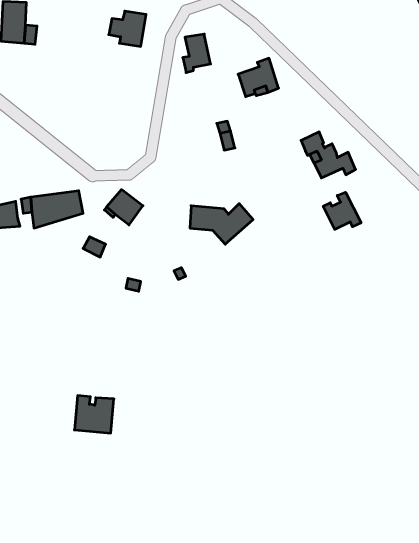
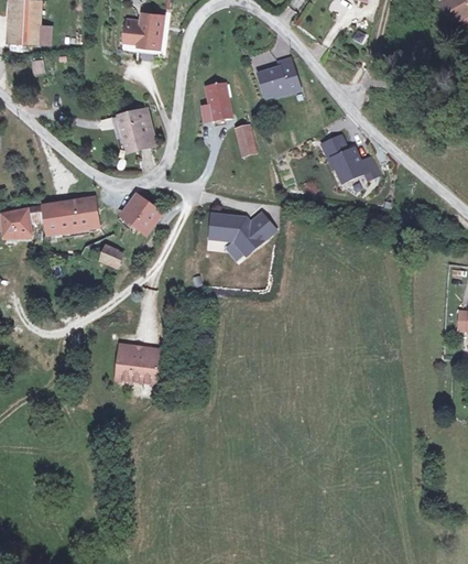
building: [183,34,211,73] -> [203,83,231,122]
building: none -> [120,111,152,150]
building: [323,192,361,229] -> none
building: [74,396,114,433] -> [119,346,160,384]

